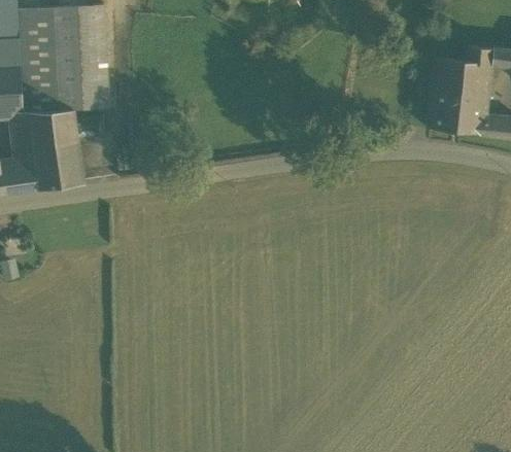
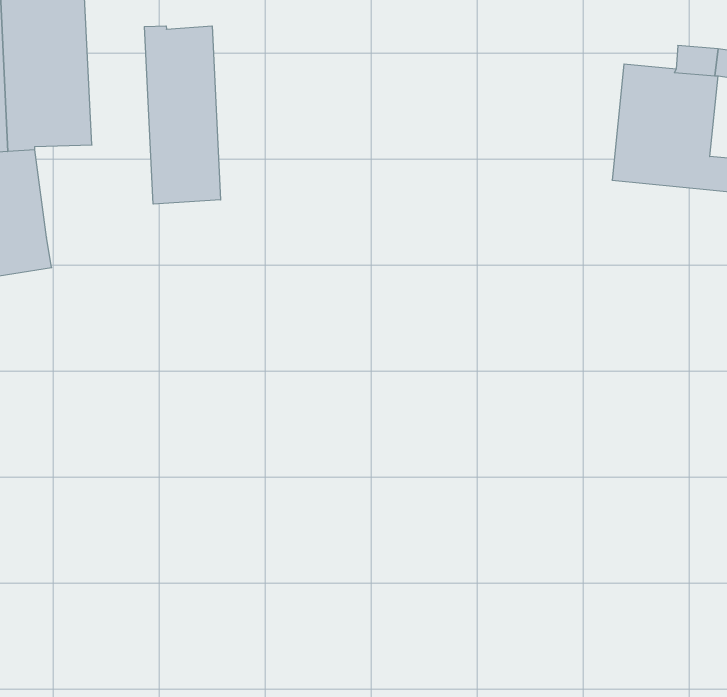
building: none -> [144,26,221,204]

